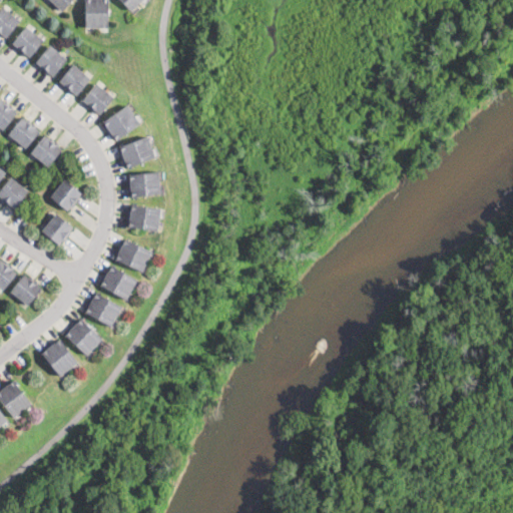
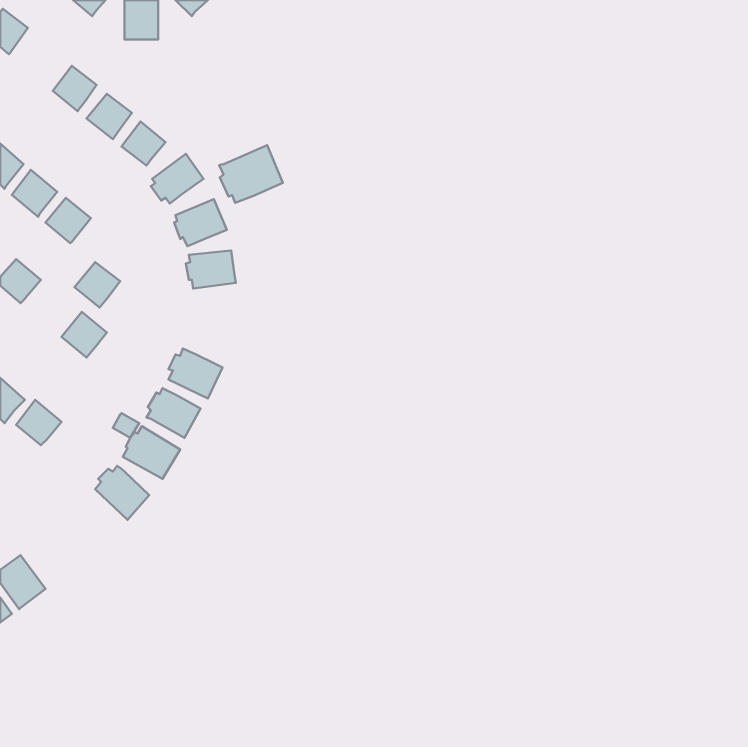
building: [13,27,43,57] -> none
building: none -> [219,145,283,203]
building: [127,205,160,231] -> none
building: [42,341,78,378] -> none

